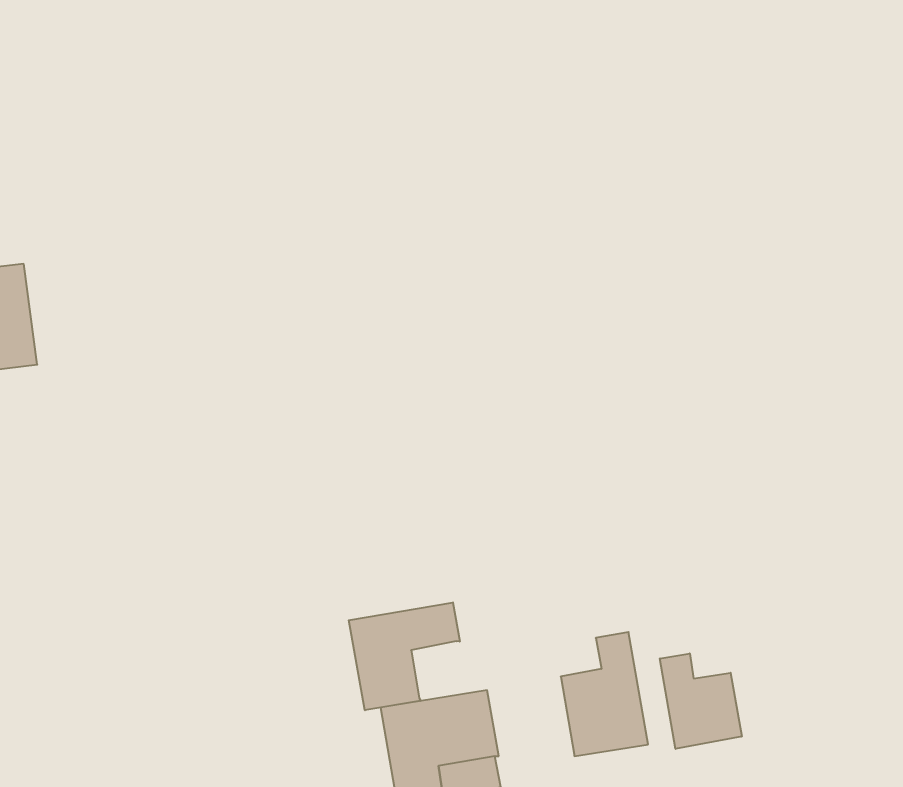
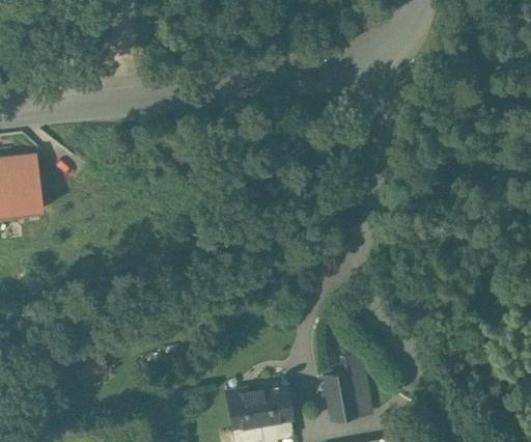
building: [349,602,460,710] -> none
building: [660,653,742,749] -> none

